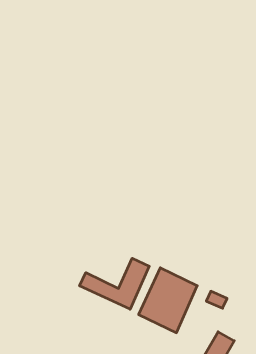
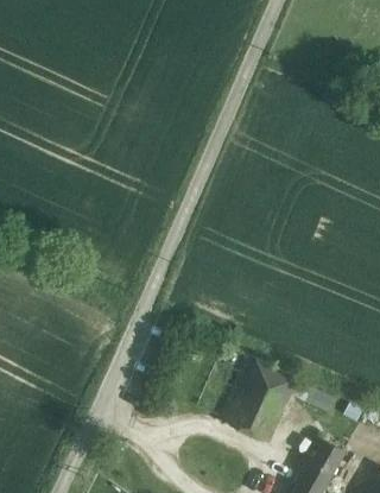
building: [80,258,149,309] -> none

